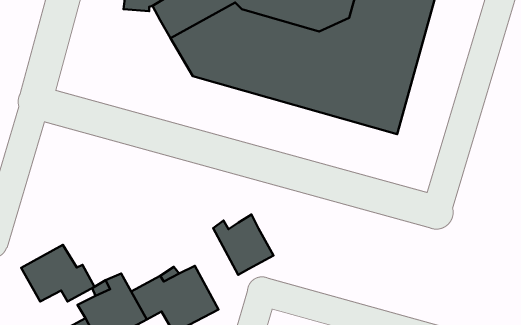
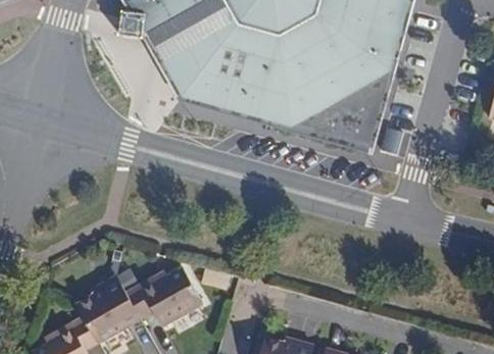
building: [213,214,273,275] -> none
building: [21,245,95,301] -> none

